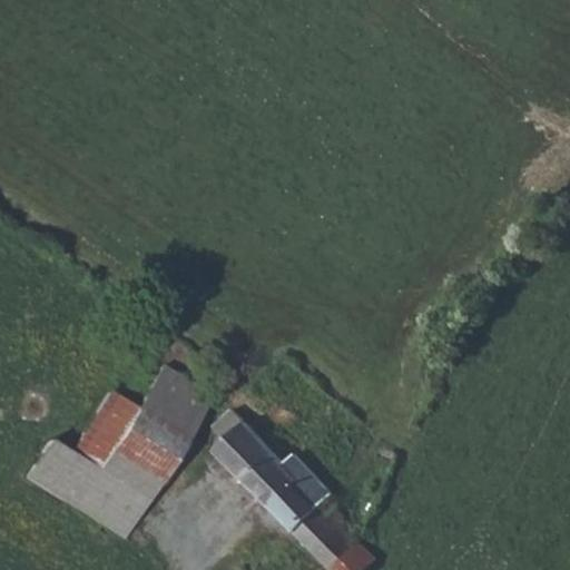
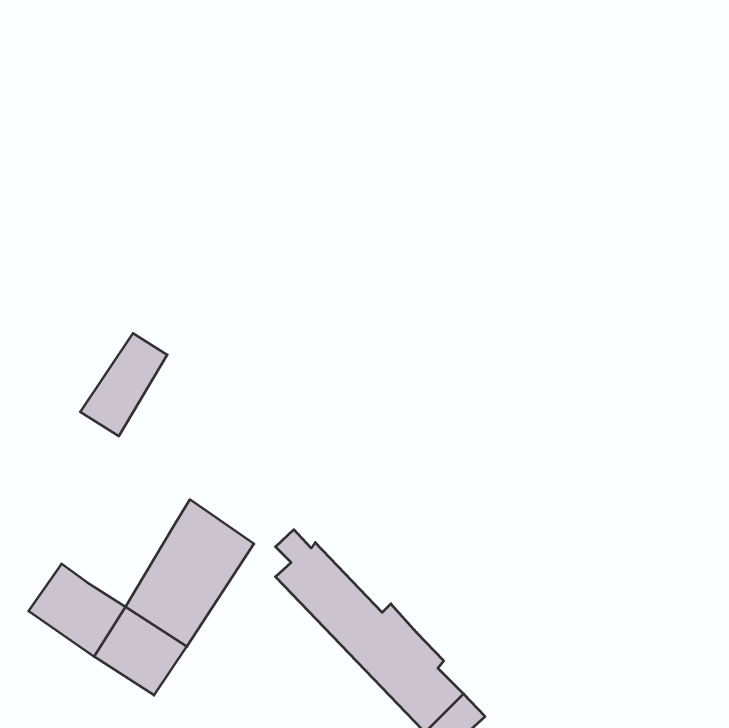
building: [148,367,213,425] -> none
building: [68,394,136,474] -> [80,333,167,436]

